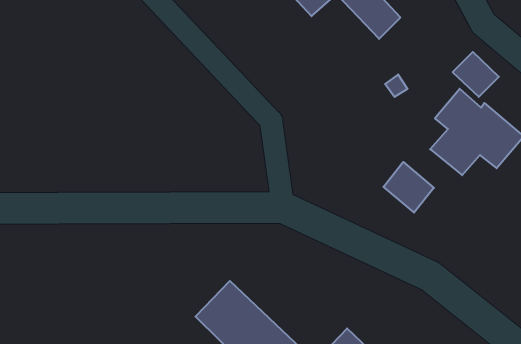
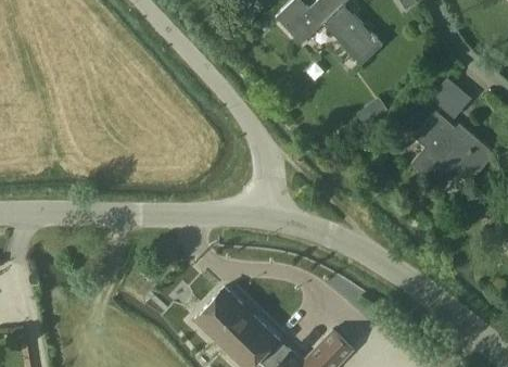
building: [383,162,434,213] -> none

